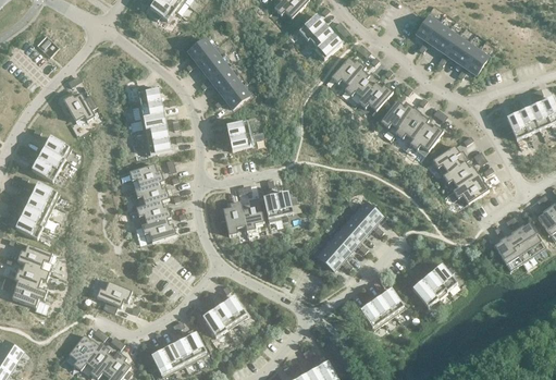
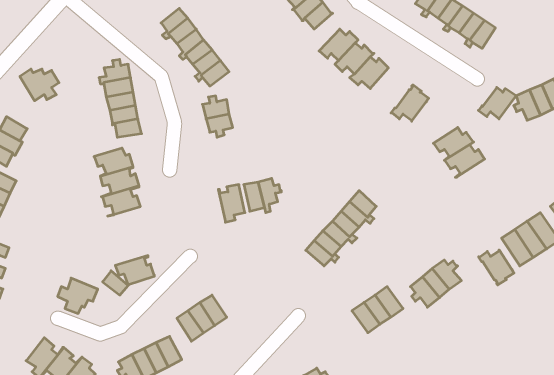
building: [379,99,412,127] -> none
building: [408,122,442,150] -> [478,87,516,119]
building: [452,173,487,203] -> none
building: [217,200,245,234] -> none
building: [139,216,174,242] -> [115,256,154,285]
building: none -> [479,250,514,285]

